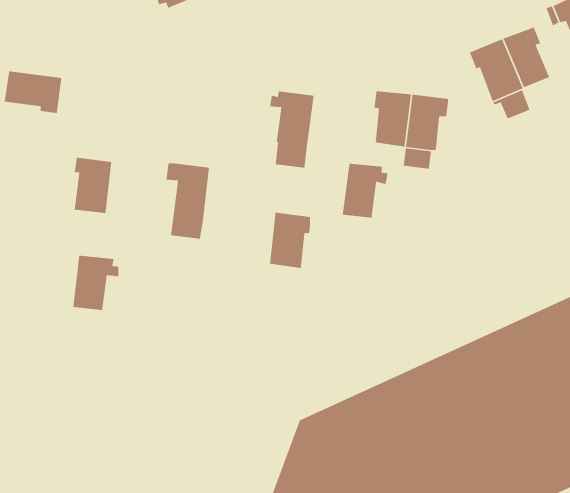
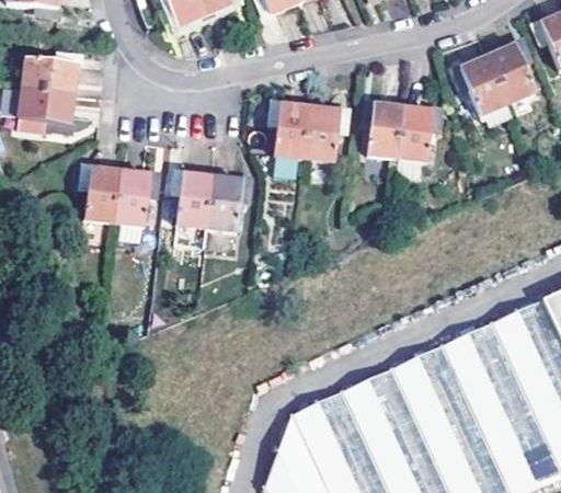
building: none -> [23,54,78,90]
building: [342,163,388,219] -> [305,106,348,159]
building: [269,212,311,269] -> [207,174,247,228]
building: [73,255,119,311] -> [115,169,159,221]

